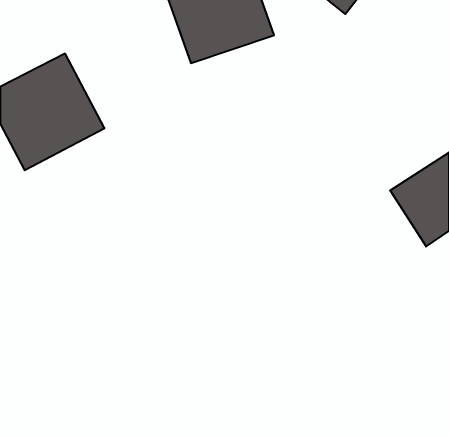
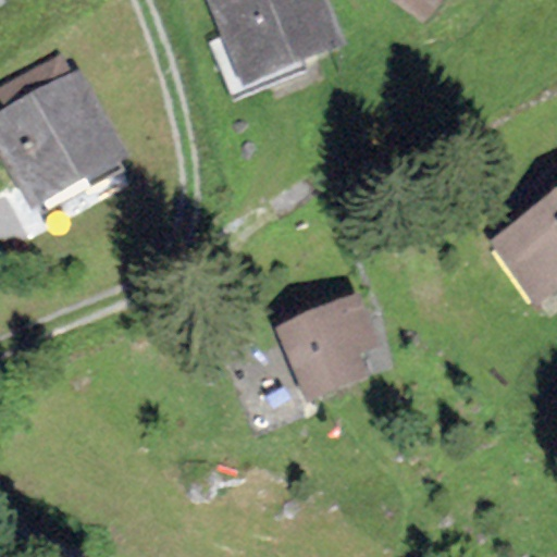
building: none -> [277,295,381,398]

